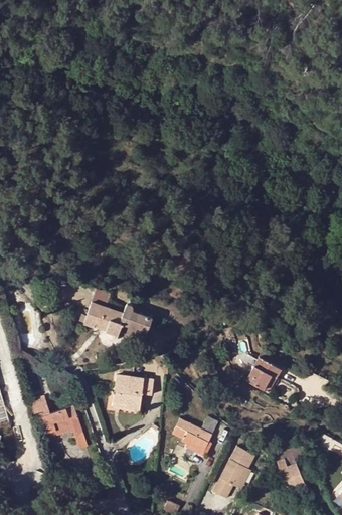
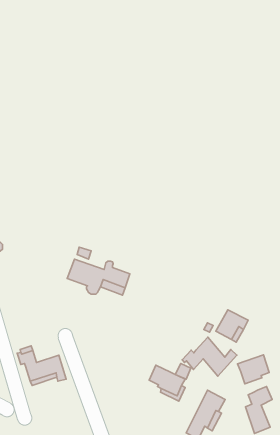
building: [113,375,154,409] -> none
building: none -> [182,337,237,376]
building: none -> [238,355,269,384]

